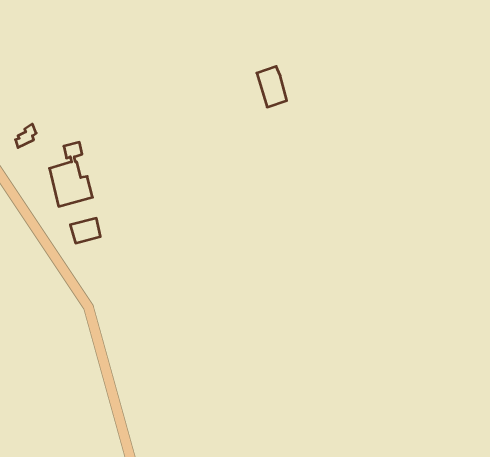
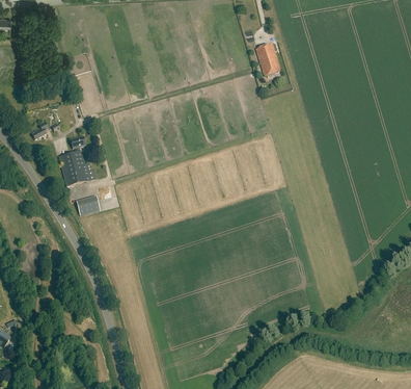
building: [257,66,287,107] -> [256,44,280,76]

